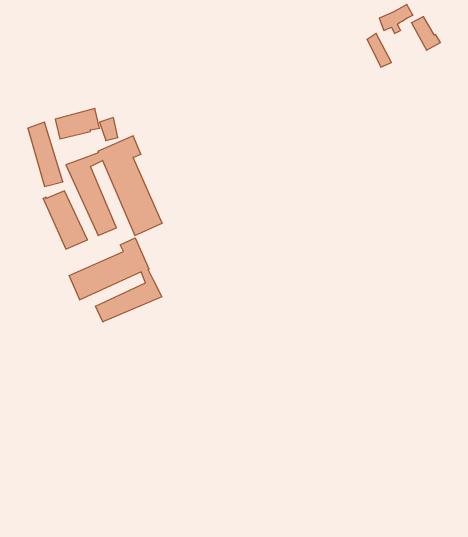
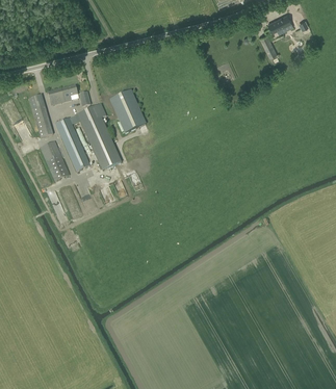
building: none -> [110,89,146,132]
building: [69,238,162,322] -> none

